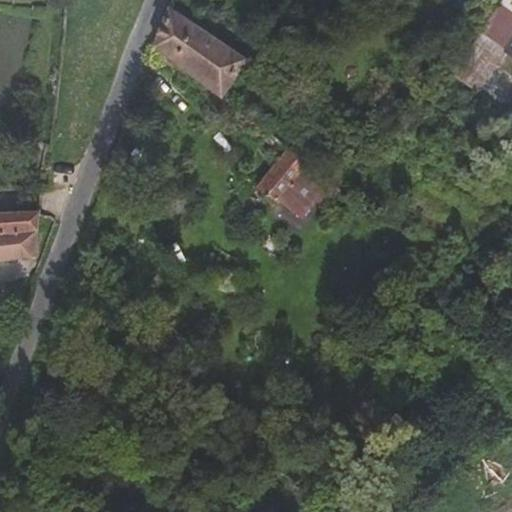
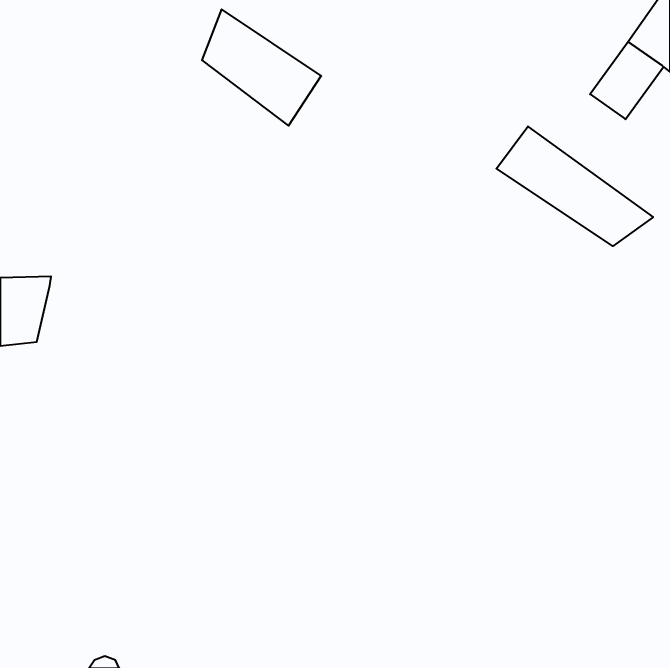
building: none -> [496,126,653,246]
building: [258,149,334,223] -> none

